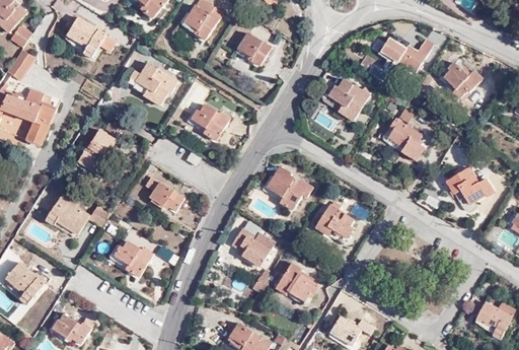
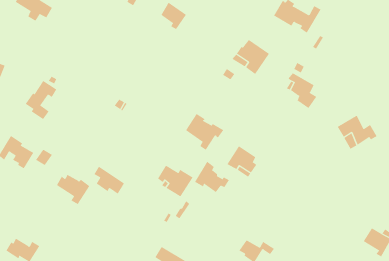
building: [442,58,476,93] -> none
building: [131,59,171,101] -> none
building: [186,102,225,138] -> none
building: [144,174,181,209] -> [93,166,125,195]
building: [278,263,320,301] -> [194,161,230,193]

